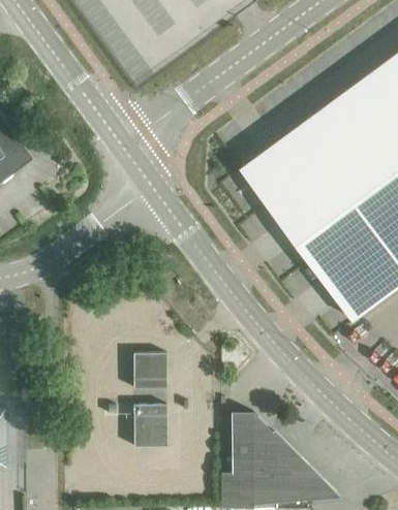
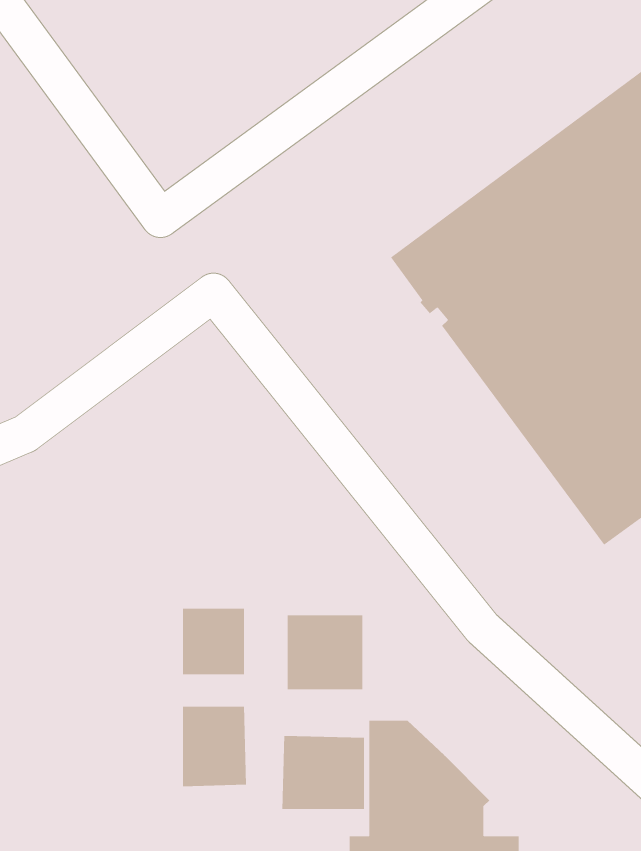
building: none -> [287,614,363,690]
building: none -> [282,735,365,810]

